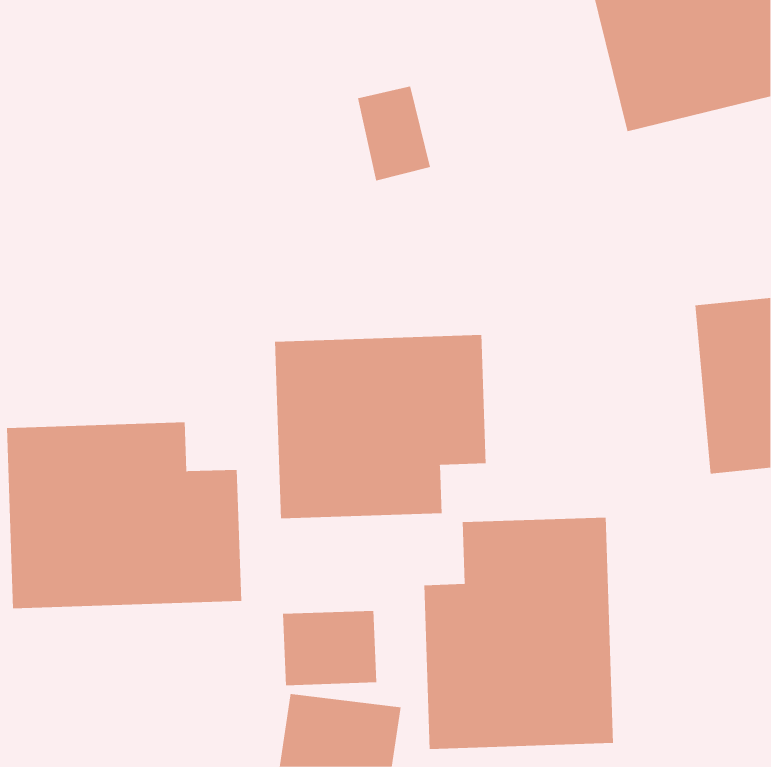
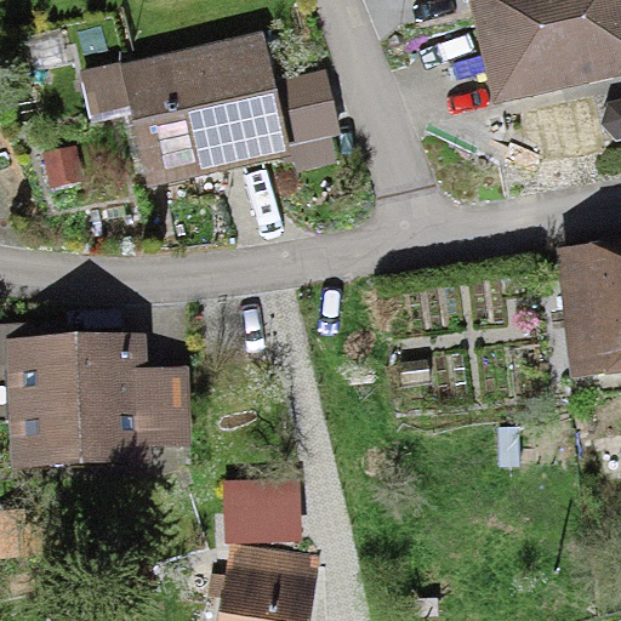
building: none -> [127,30,292,186]
building: [274,334,486,519] -> none
building: [424,517,614,750] -> none

